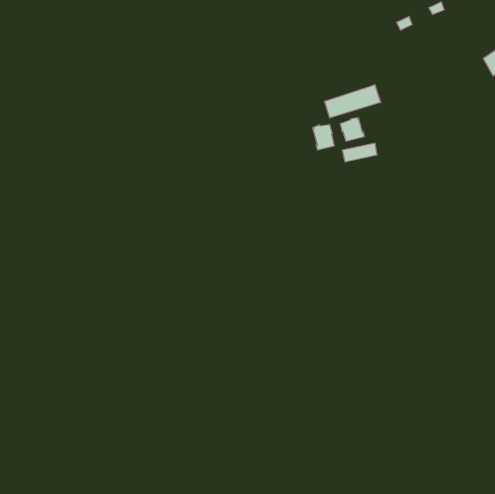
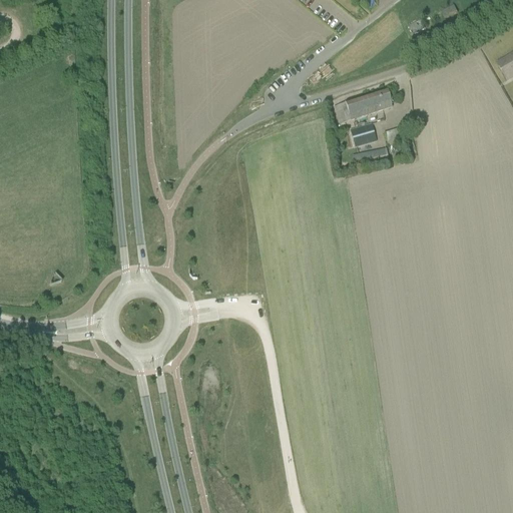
building: [313,124,334,150] -> none

